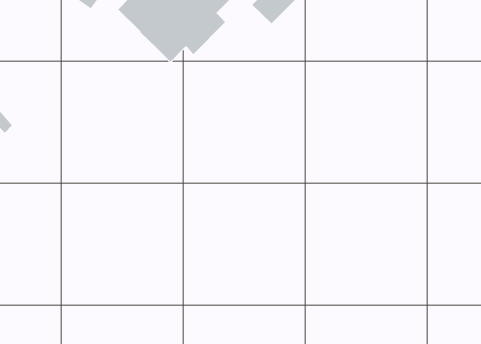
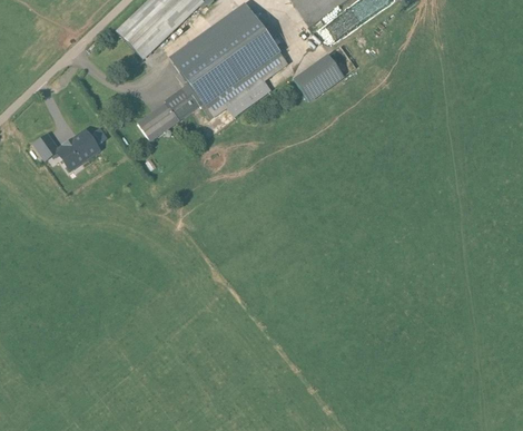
building: none -> [138,84,199,138]
building: none -> [57,129,101,172]

